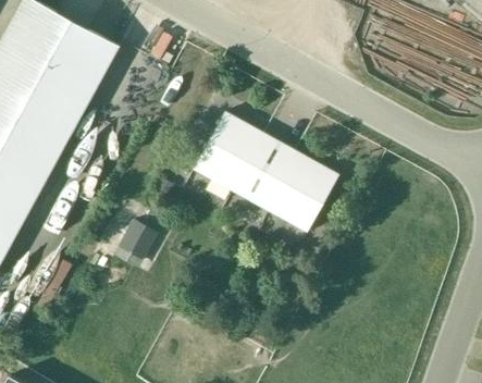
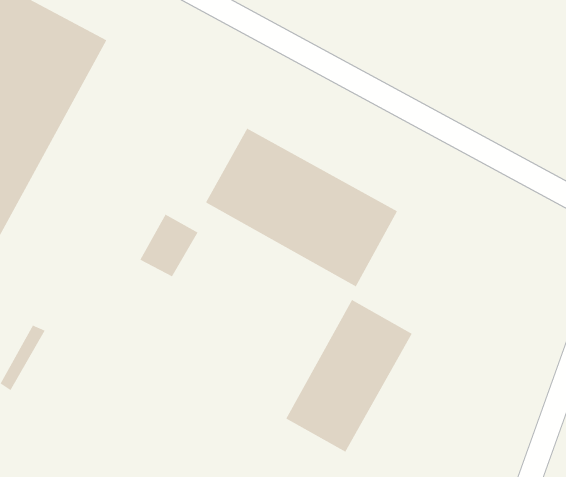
building: [113,220,158,268] -> [139,214,198,277]
building: none -> [286,299,412,452]

